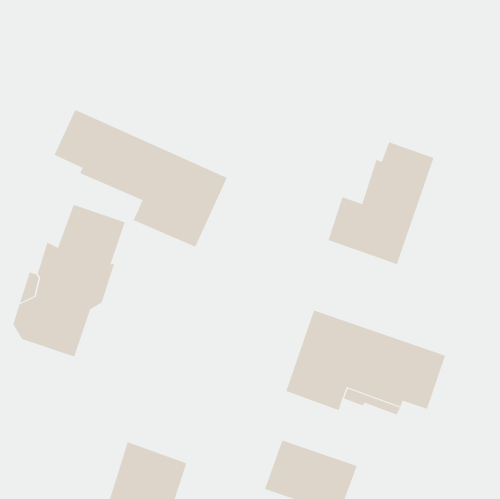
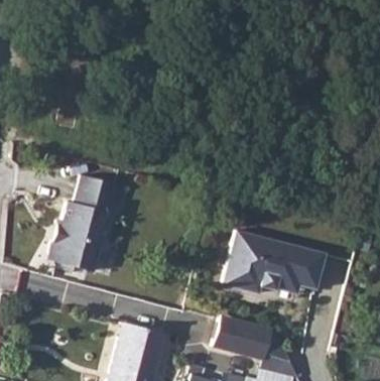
building: [54,109,227,248] -> none
building: [328,141,434,265] -> none

